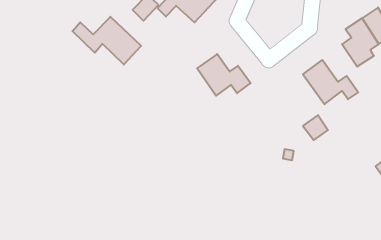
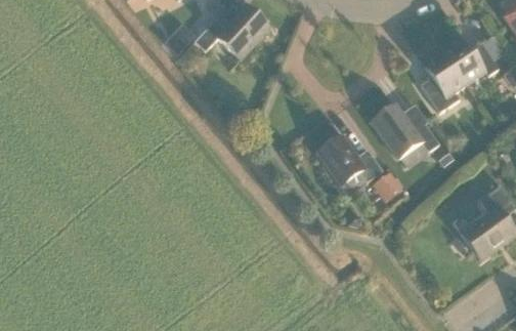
building: [72,17,141,65] -> none
building: [197,54,251,96] -> [316,134,382,185]

